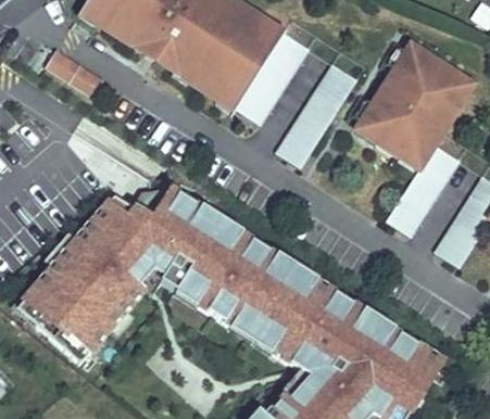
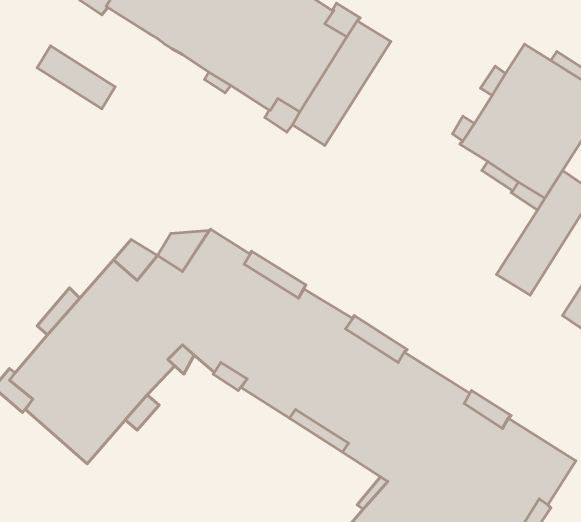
building: [275,63,356,168] -> none

